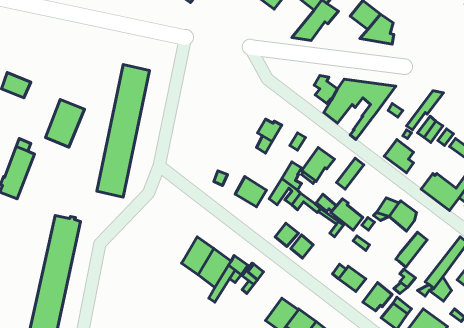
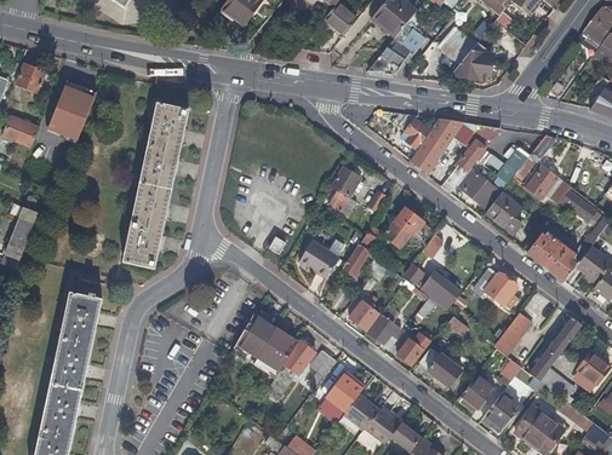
building: none -> [18,61,57,91]
building: [45,99,84,147] -> [51,70,99,129]
building: none -> [454,171,505,209]
building: none -> [394,330,429,363]
building: none -> [324,374,359,410]

